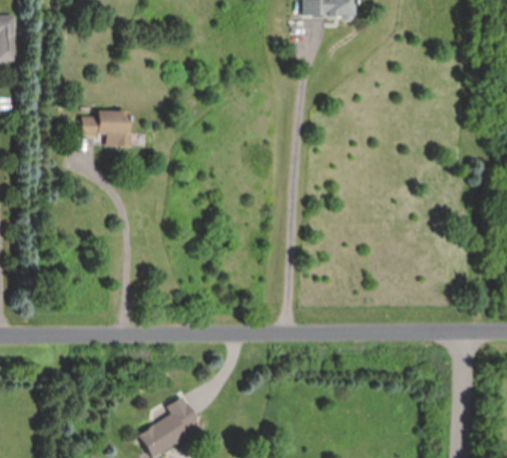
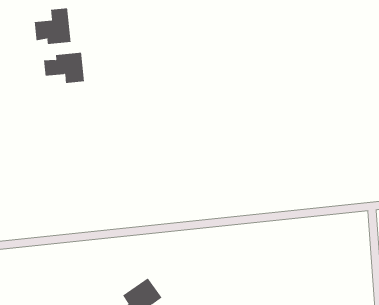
building: none -> [34,8,71,45]

